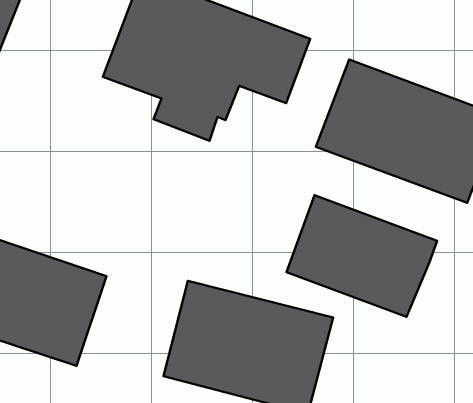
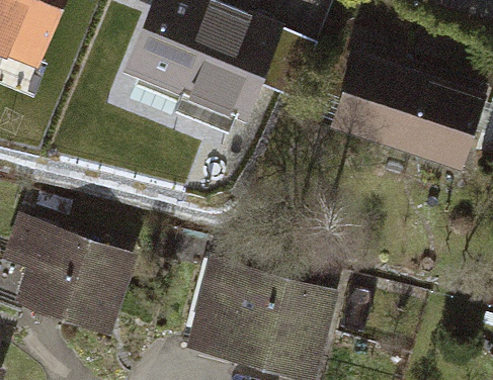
building: [287,195,437,317] -> none

